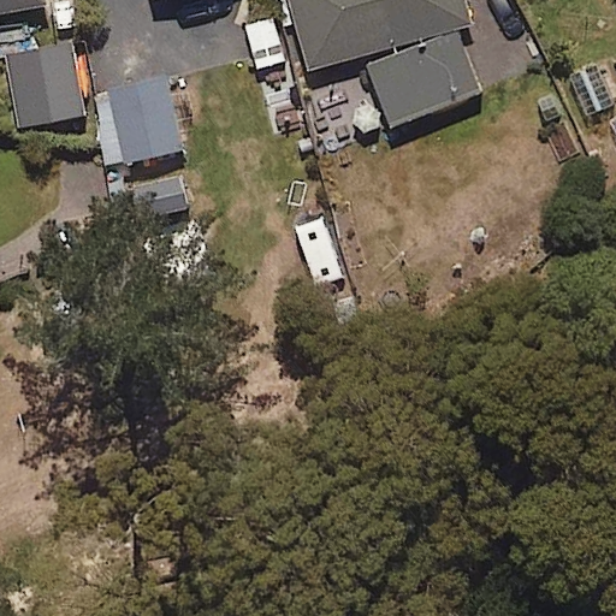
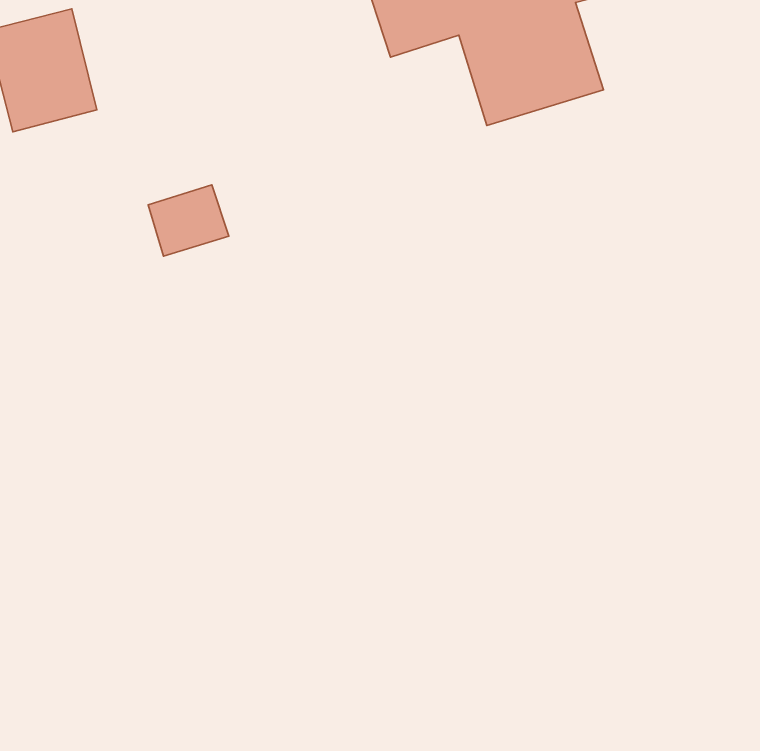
building: [93,79,182,168] -> none

